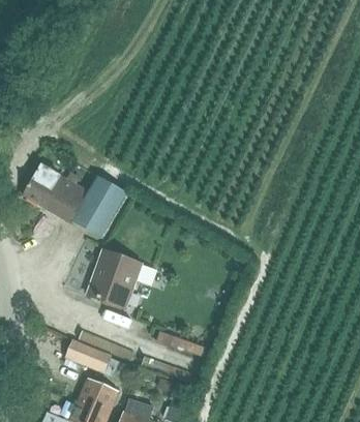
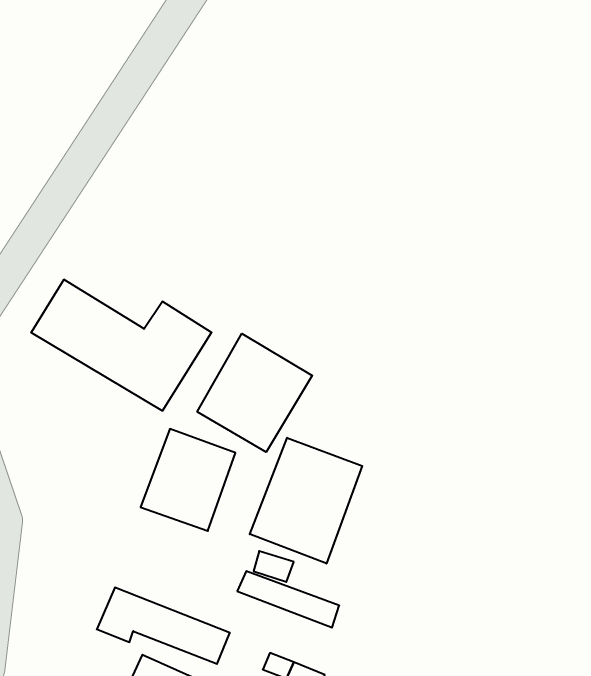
building: none -> [197,334,312,452]
building: none -> [250,438,362,564]

